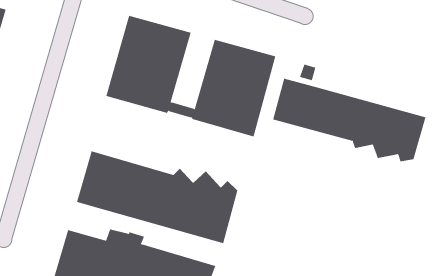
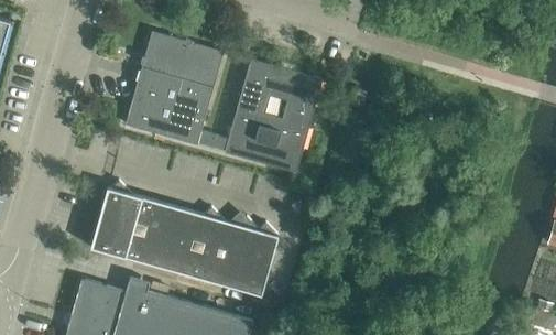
building: [272,78,426,162] -> none

